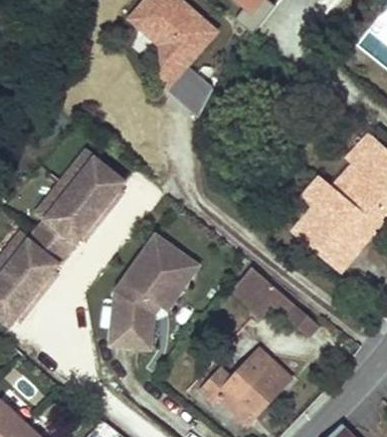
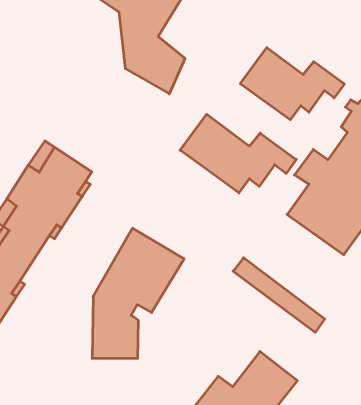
building: none -> [240,48,344,120]
building: none -> [180,114,296,193]

